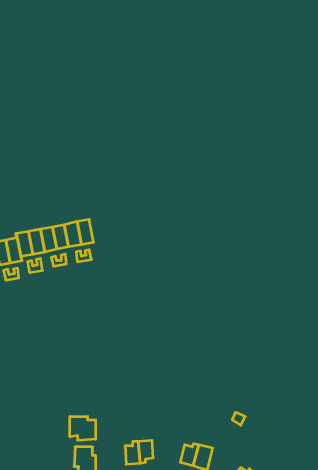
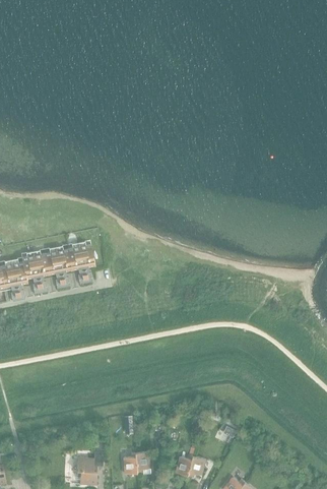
building: [70,416,96,440] -> none

